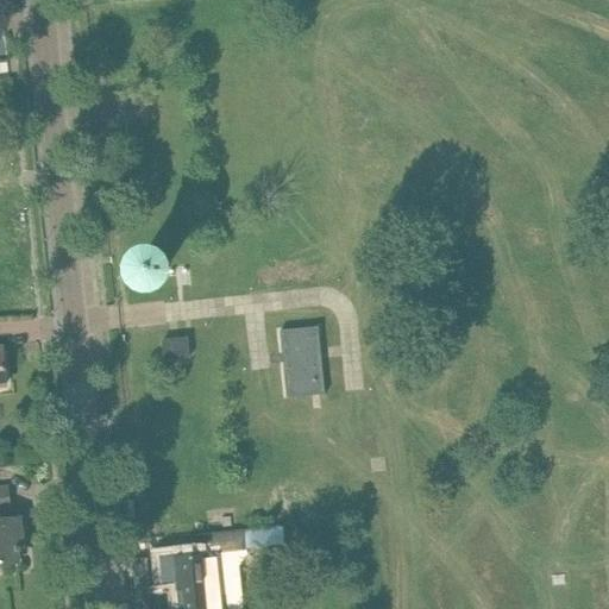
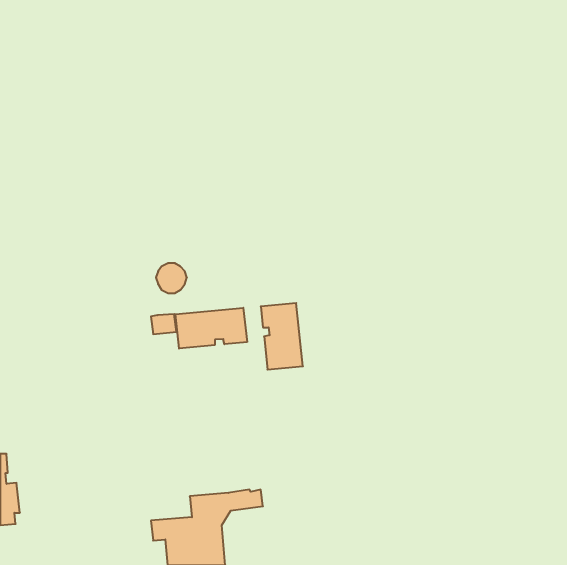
building: [130,257,163,289] -> [156,263,187,293]
building: none -> [175,308,247,349]

